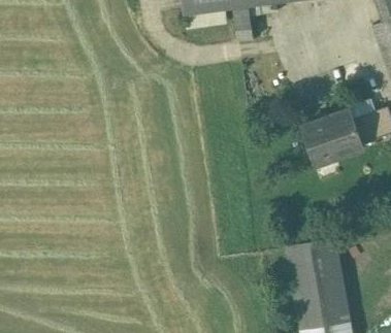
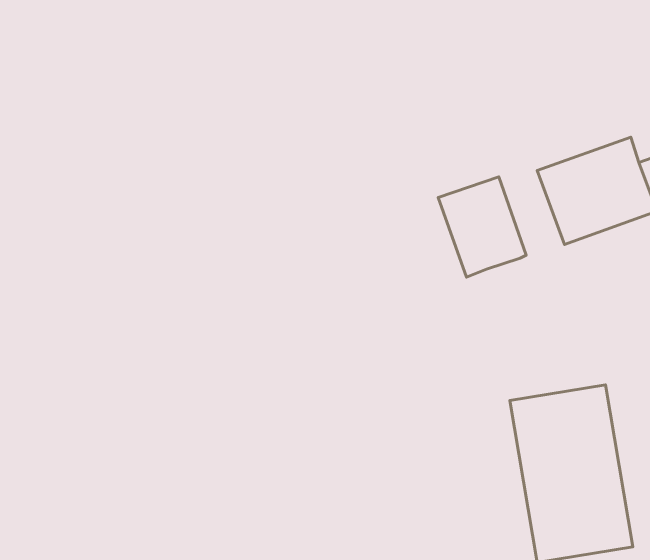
building: none -> [438,177,526,277]

